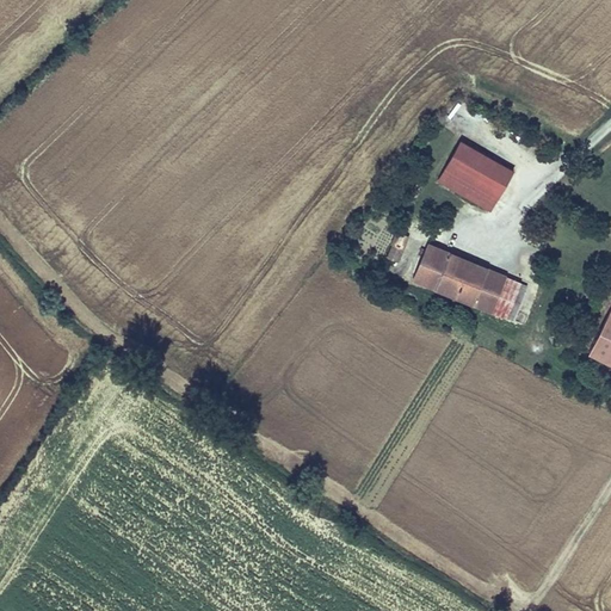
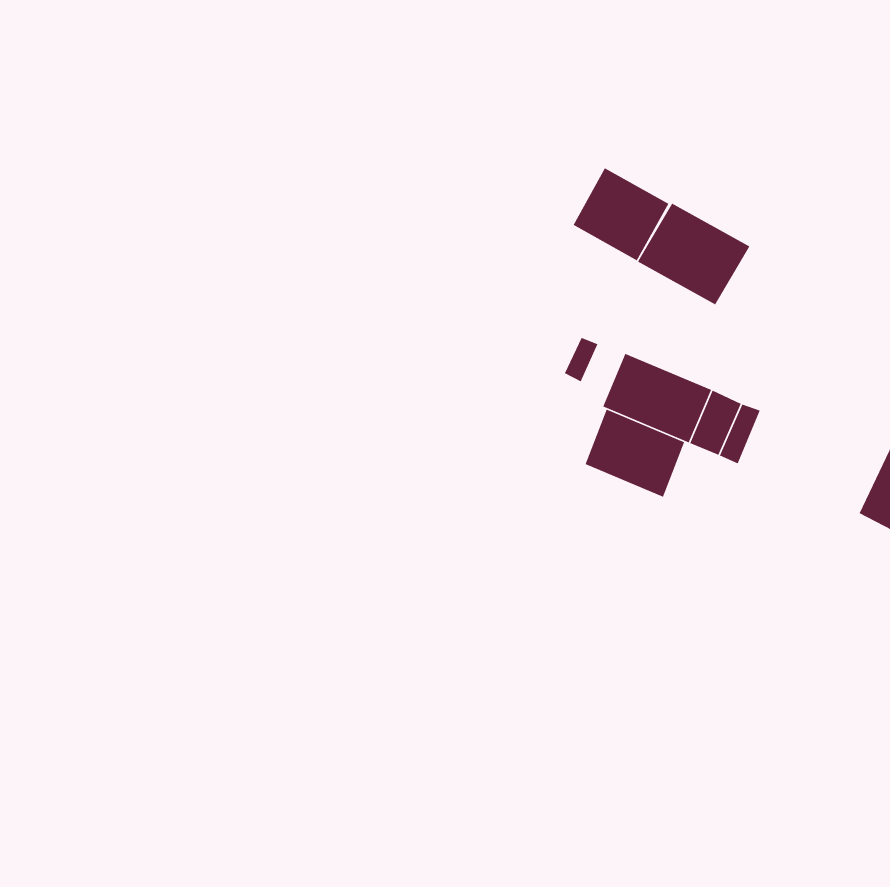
building: none -> [572,167,670,261]
building: none -> [584,409,685,498]

